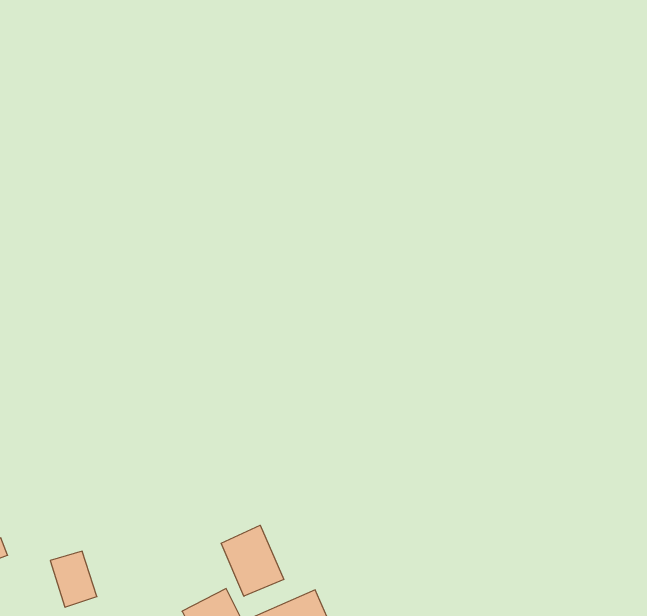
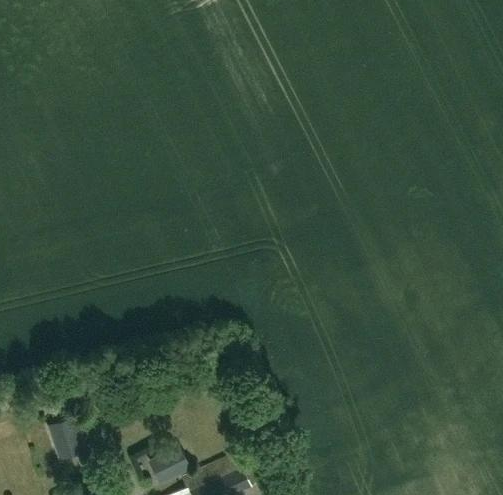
building: [221,525,284,596] -> none

